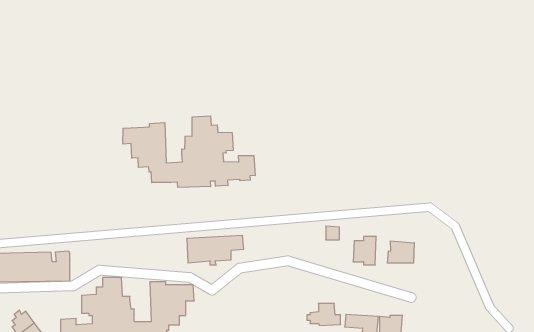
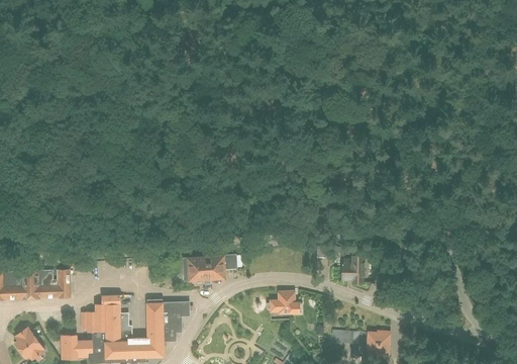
building: [123,116,255,187] -> none
building: [387,241,414,263] -> none
building: [307,303,341,325] -> [267,291,299,312]

